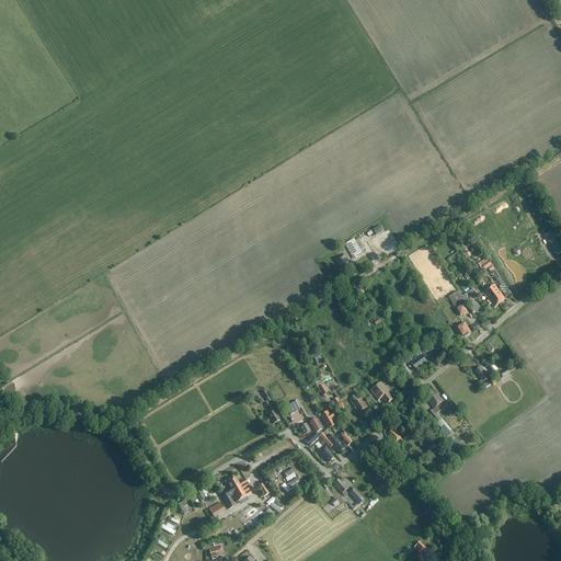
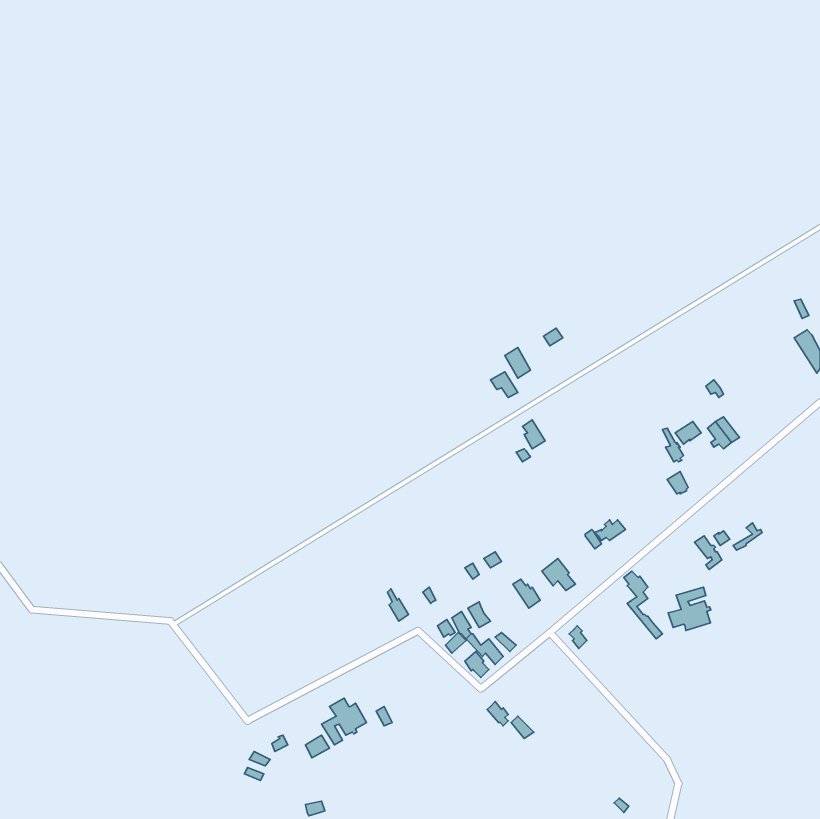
building: none -> [668,587,711,630]

